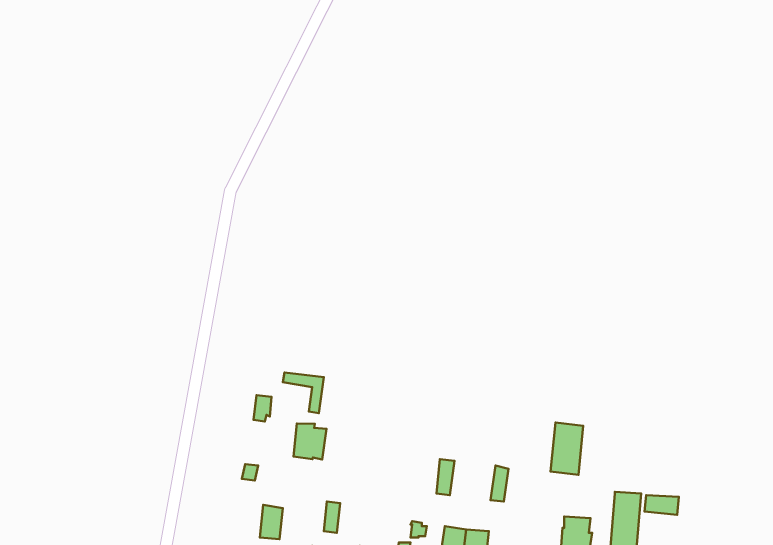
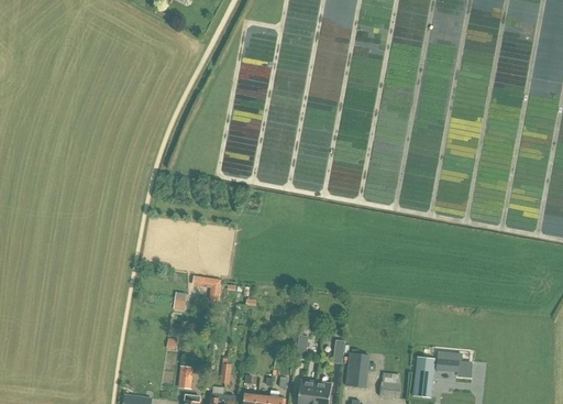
building: [551,423,583,475] -> [345,352,367,387]
building: [293,424,327,460] -> none

